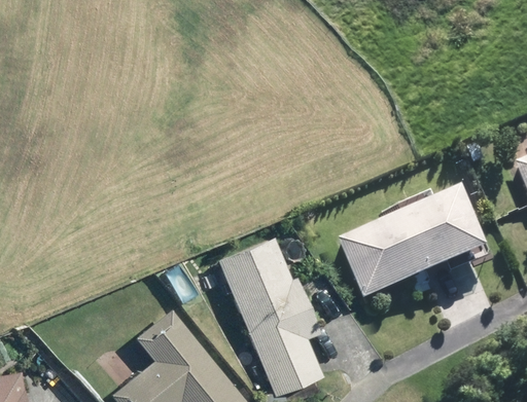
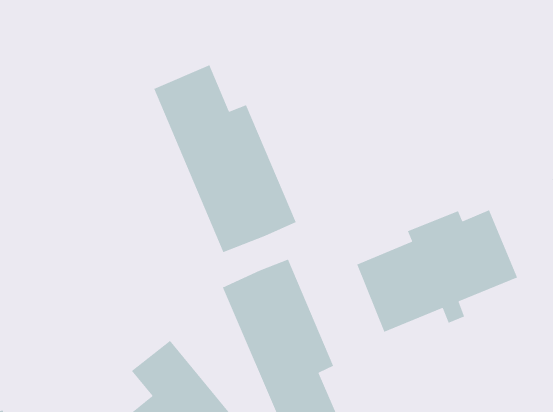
building: none -> [153,64,297,253]

